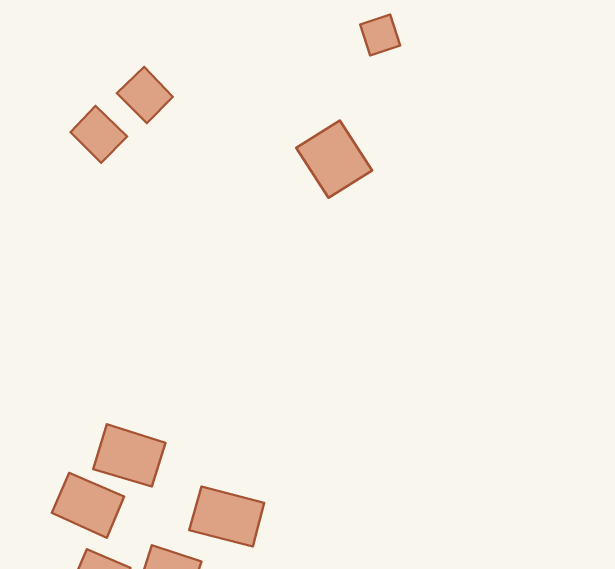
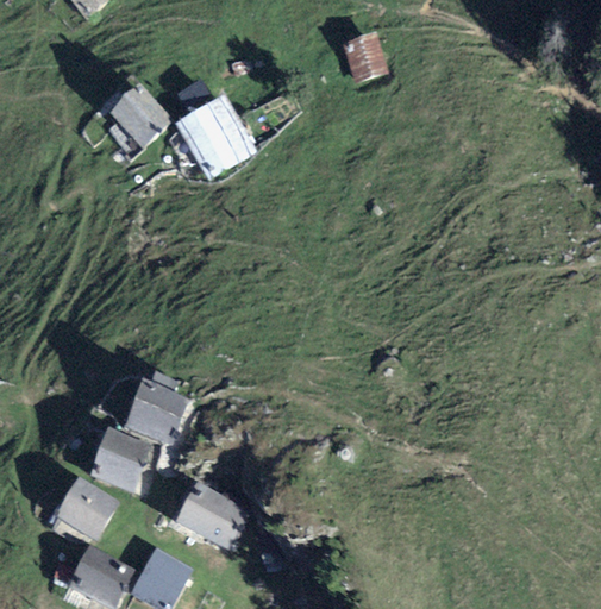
building: [71,106,127,163] -> none
building: [296,120,372,198] -> [177,99,250,172]
building: none -> [123,383,189,441]

